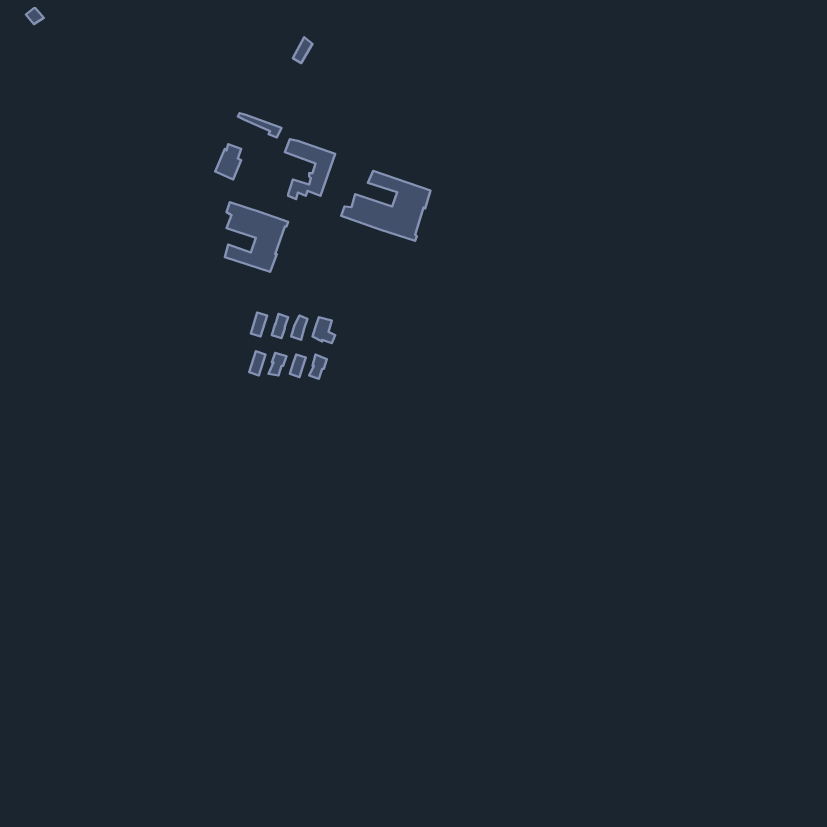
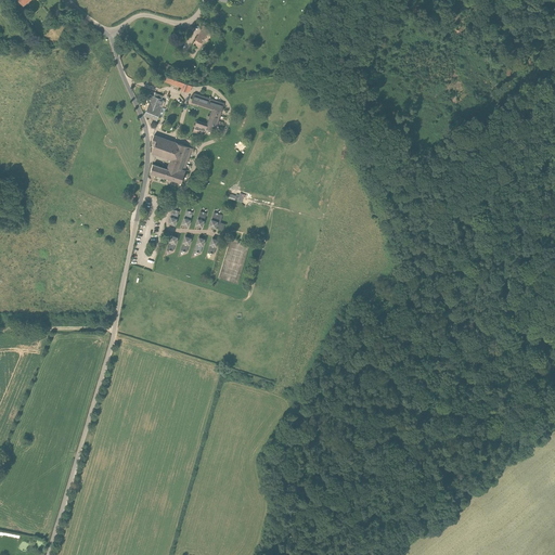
building: [341,171,430,241] -> none

